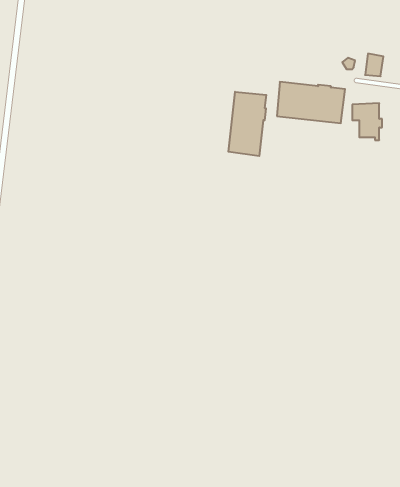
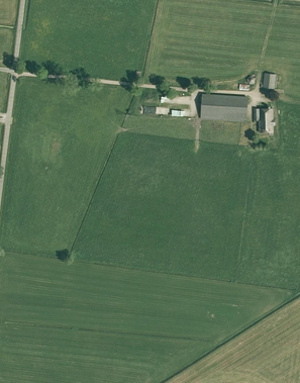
building: [228,92,266,156] -> none

